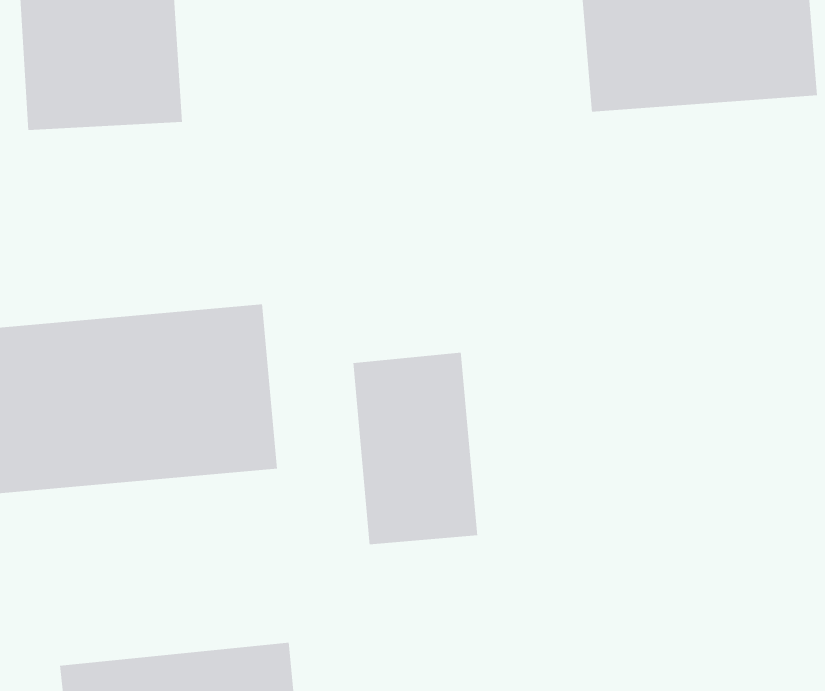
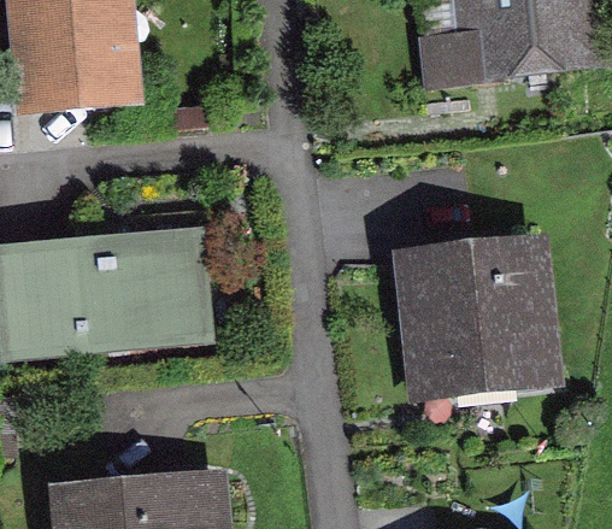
building: none -> [389,254,548,412]
building: [353,352,478,545] -> none

